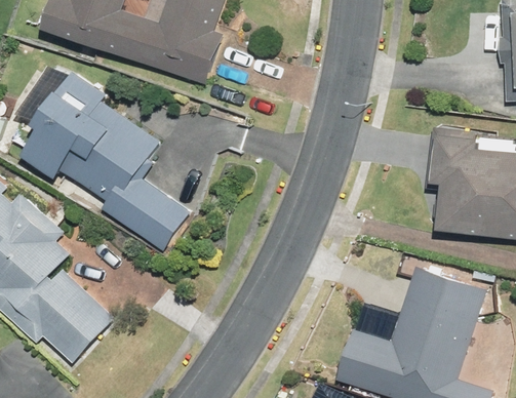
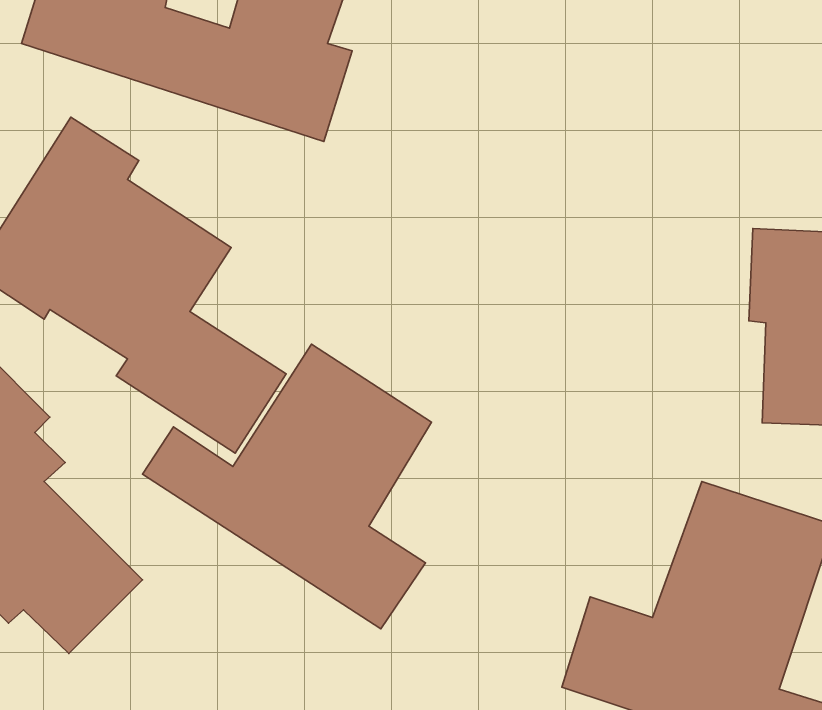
building: none -> [142,344,431,629]

